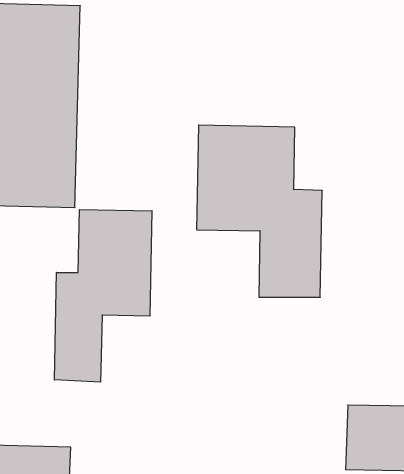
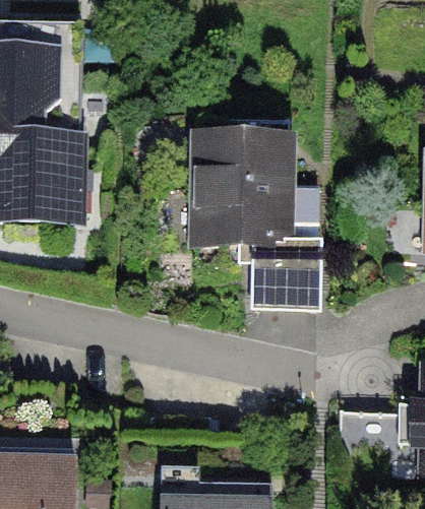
building: [54,210,152,382] -> none

